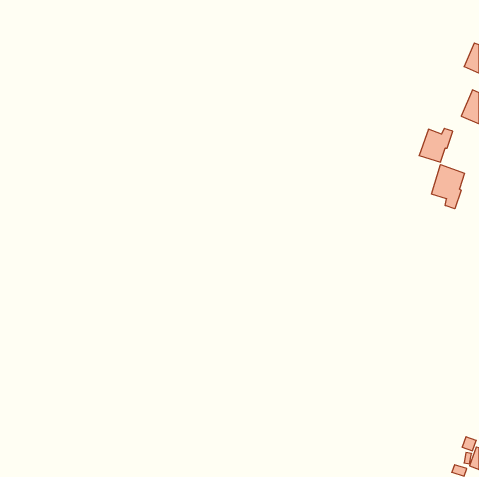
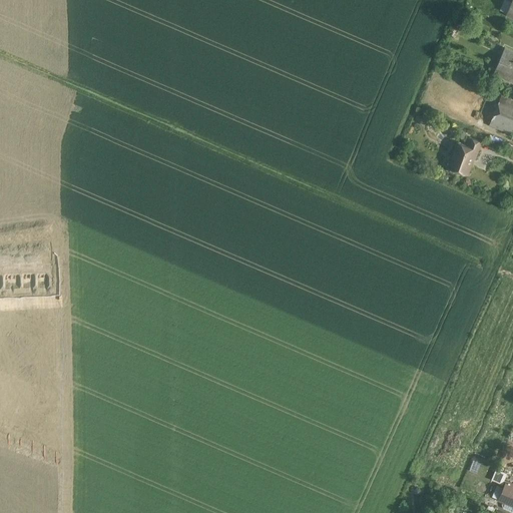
building: [431,165,465,209] -> none

